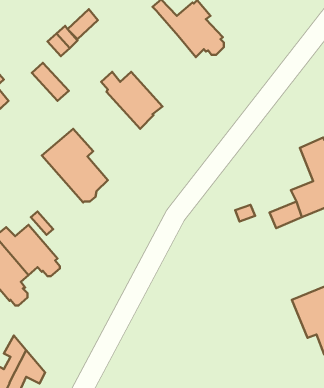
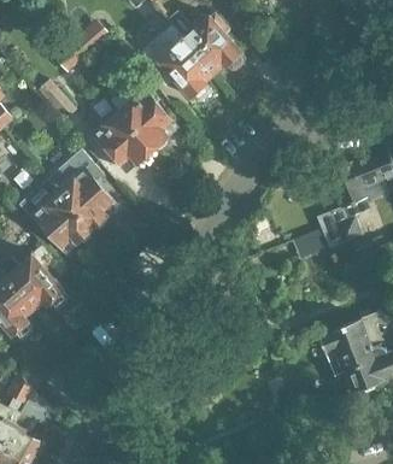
building: none -> [139,25,213,102]
building: none -> [83,111,153,171]
building: none -> [19,180,92,253]

